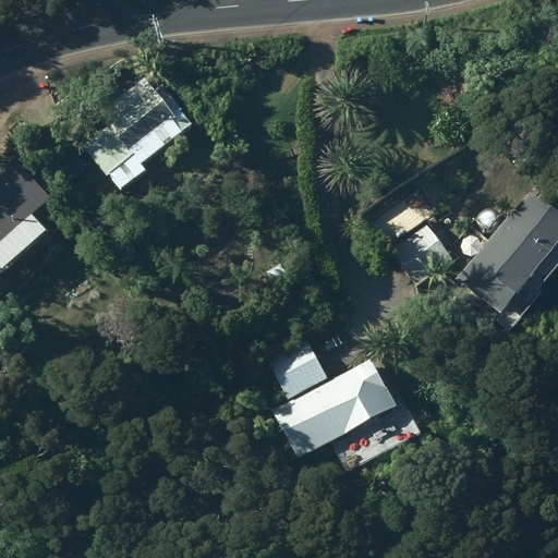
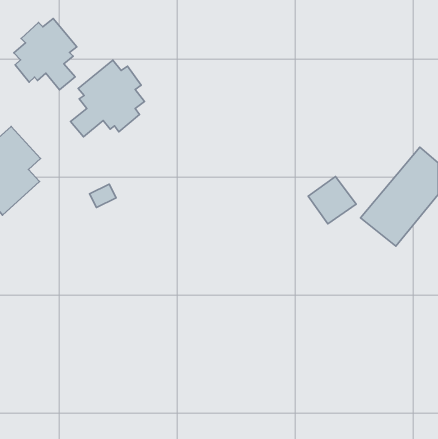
building: none -> [14,18,77,90]
building: [267,339,397,459] -> none

